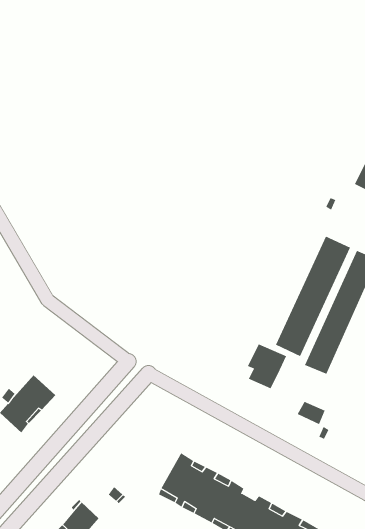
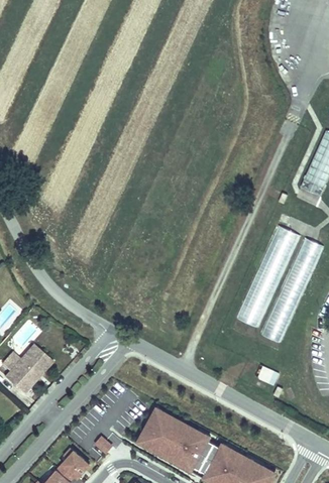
building: [247,344,287,389] -> none

